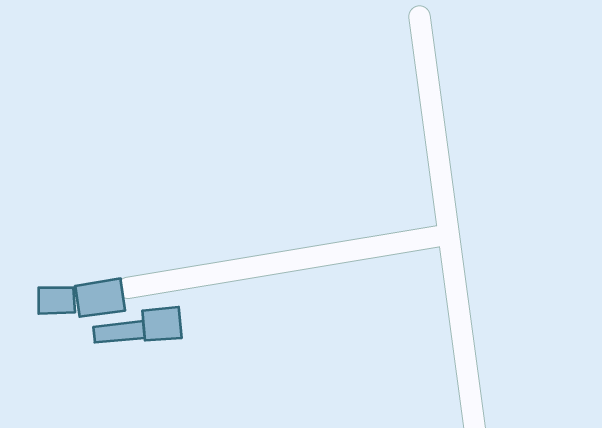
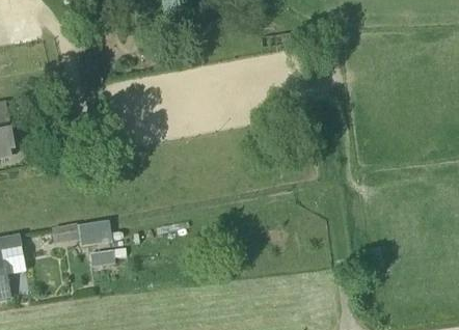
building: [143,307,181,340] -> none

